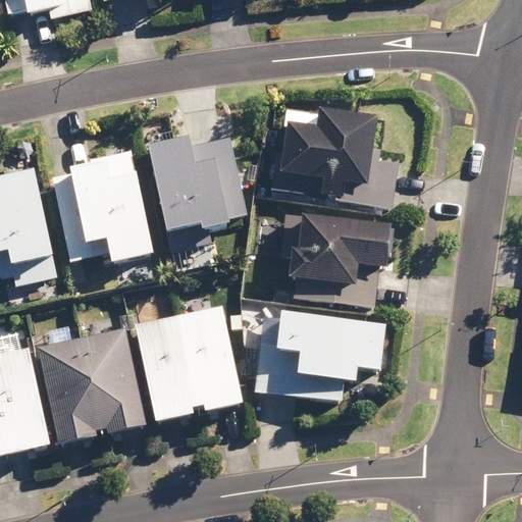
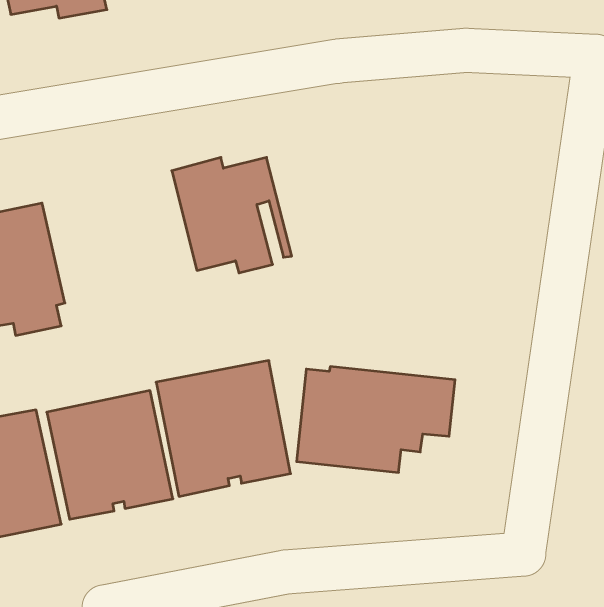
building: [264,105,394,205] -> none
building: [44,126,151,261] -> none
building: [277,212,390,304] -> none

